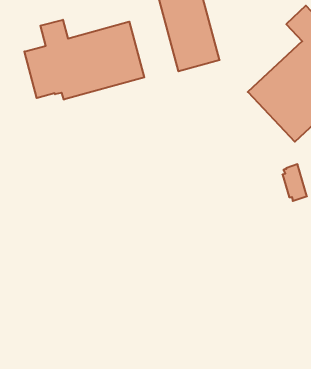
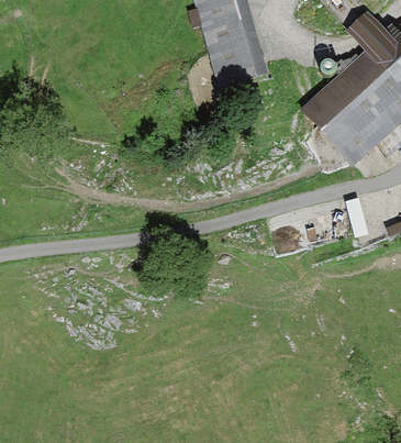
building: [24,20,144,100] -> none

